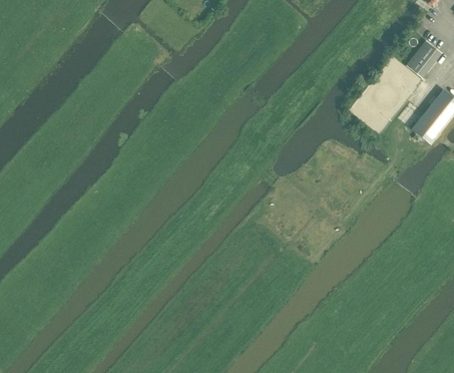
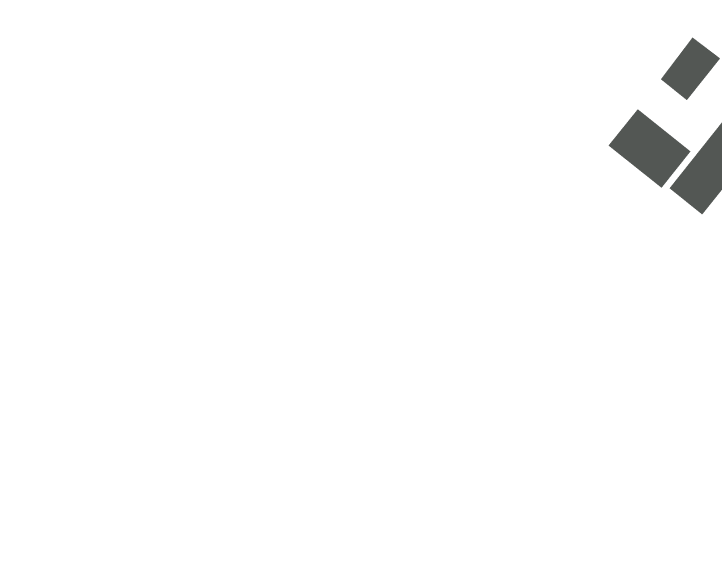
building: none -> [608,108,691,189]

